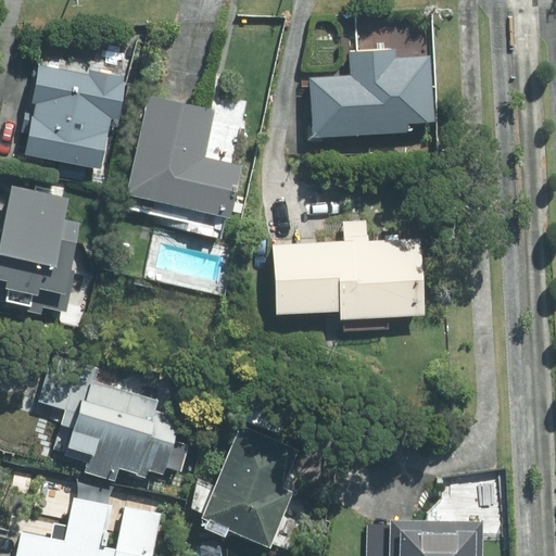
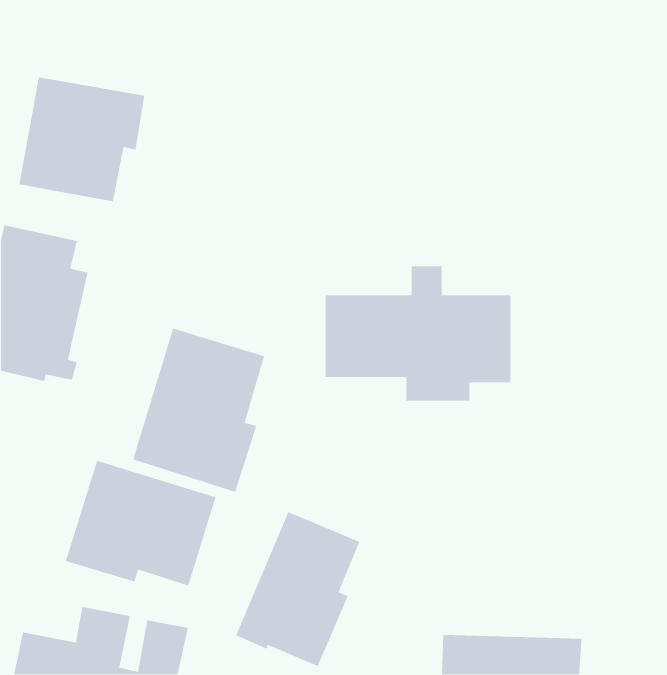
building: [308,51,432,137] -> none
building: [123,93,239,239] -> none
building: none -> [132,328,265,493]

